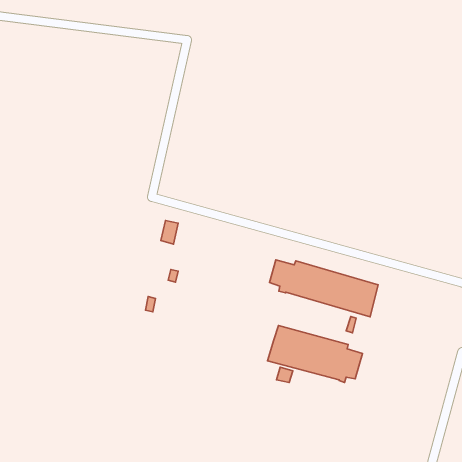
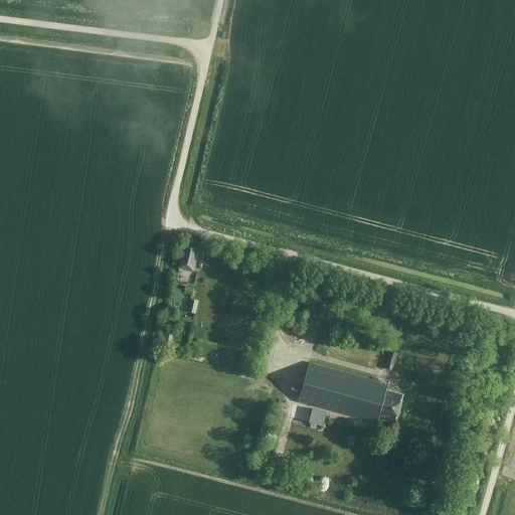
building: [270,260,378,317] -> none

